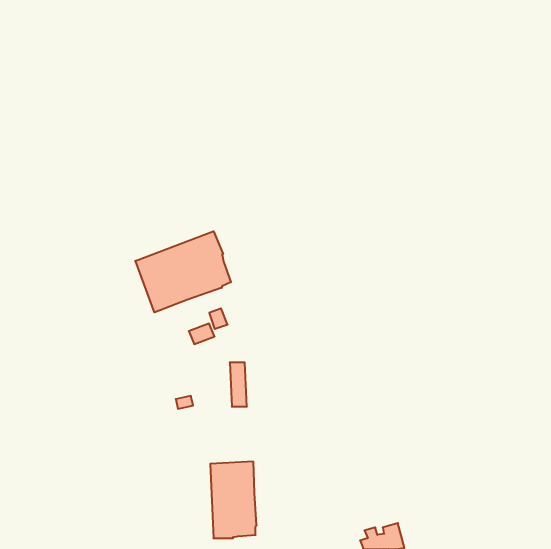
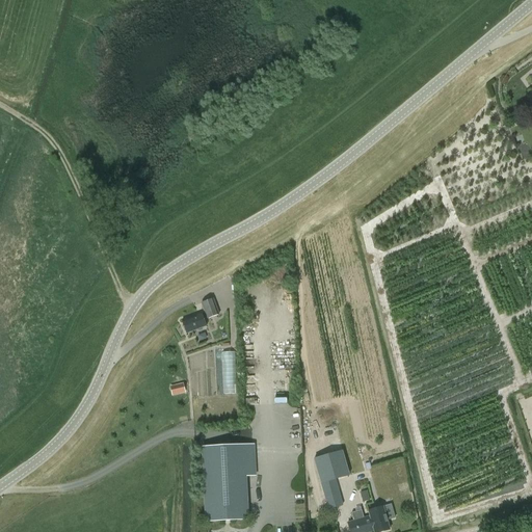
building: [135,231,231,312] -> none
building: none -> [314,448,349,507]

